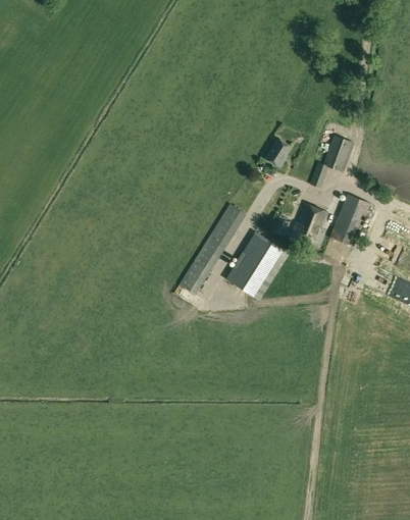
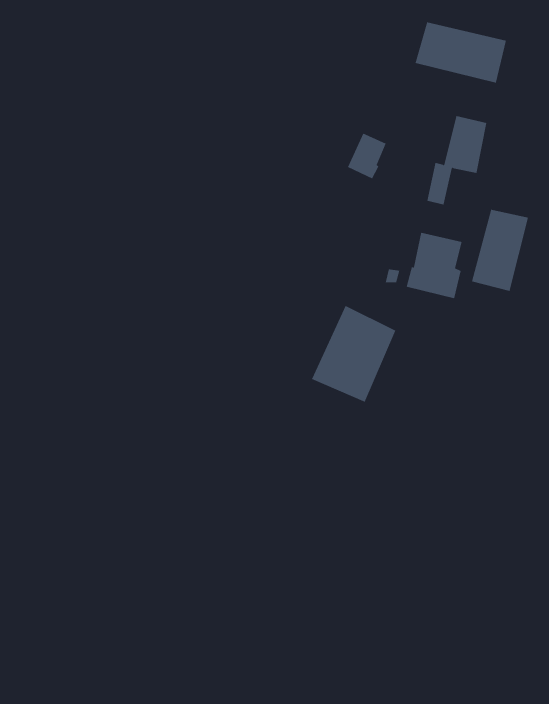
building: none -> [415,21,507,84]
building: [175,202,247,293] -> none

